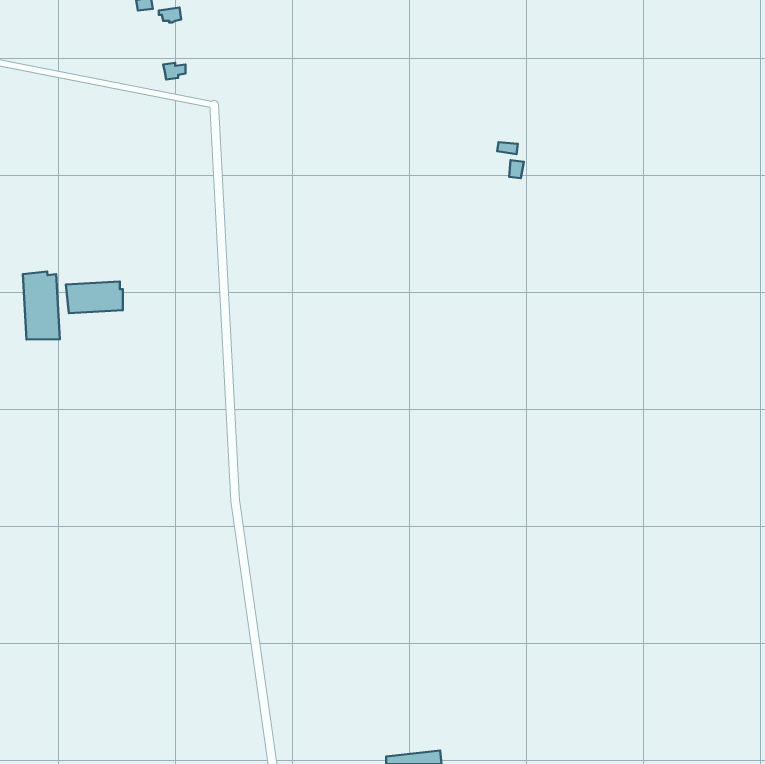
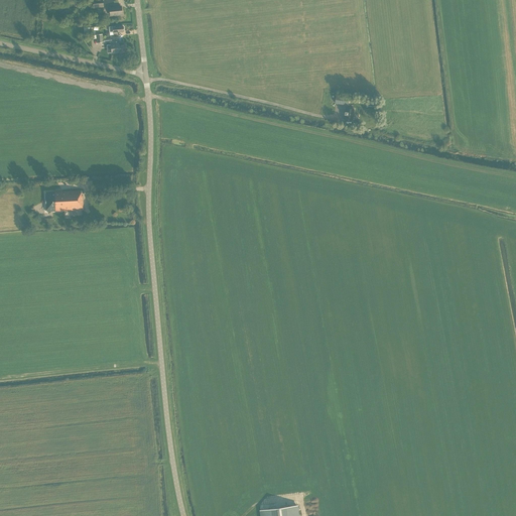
building: [23,272,60,339] -> none

